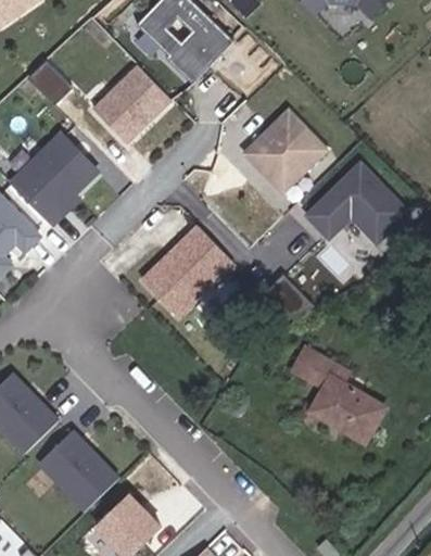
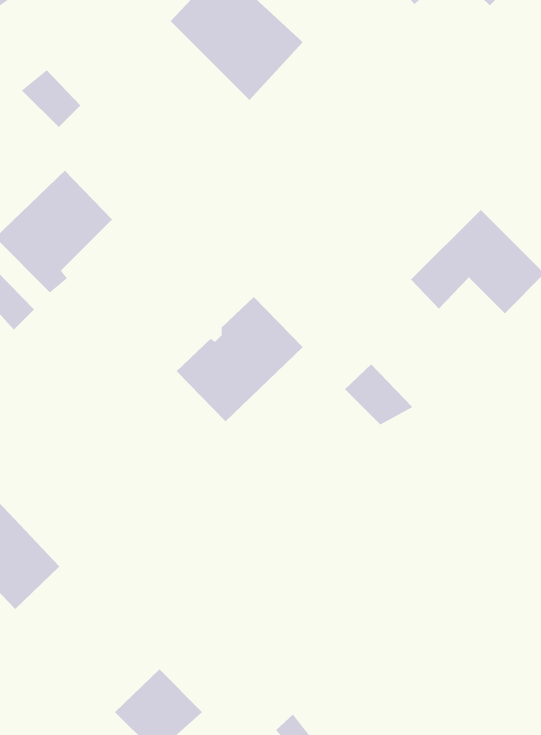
building: [93,67,172,144] -> none
building: [244,108,328,191] -> none
building: [300,340,393,438] -> none
building: [38,431,117,510] -> none

